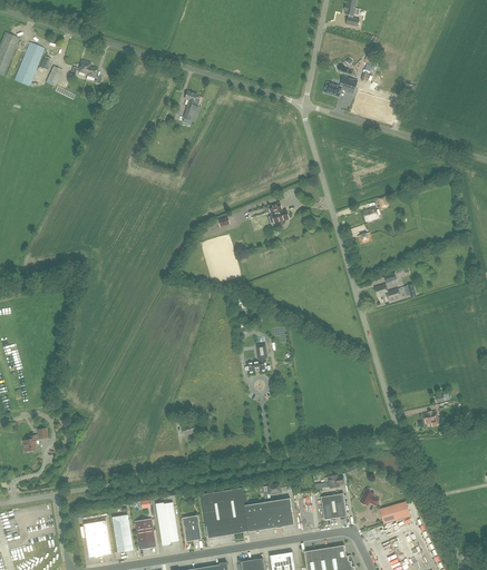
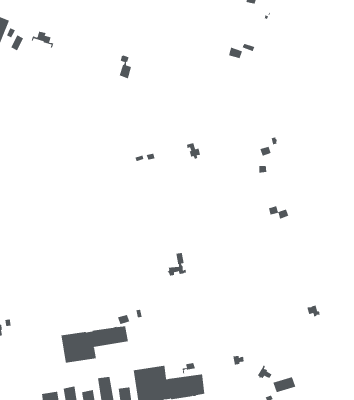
building: none -> [61,326,129,364]
building: [320,493,347,520] -> none

